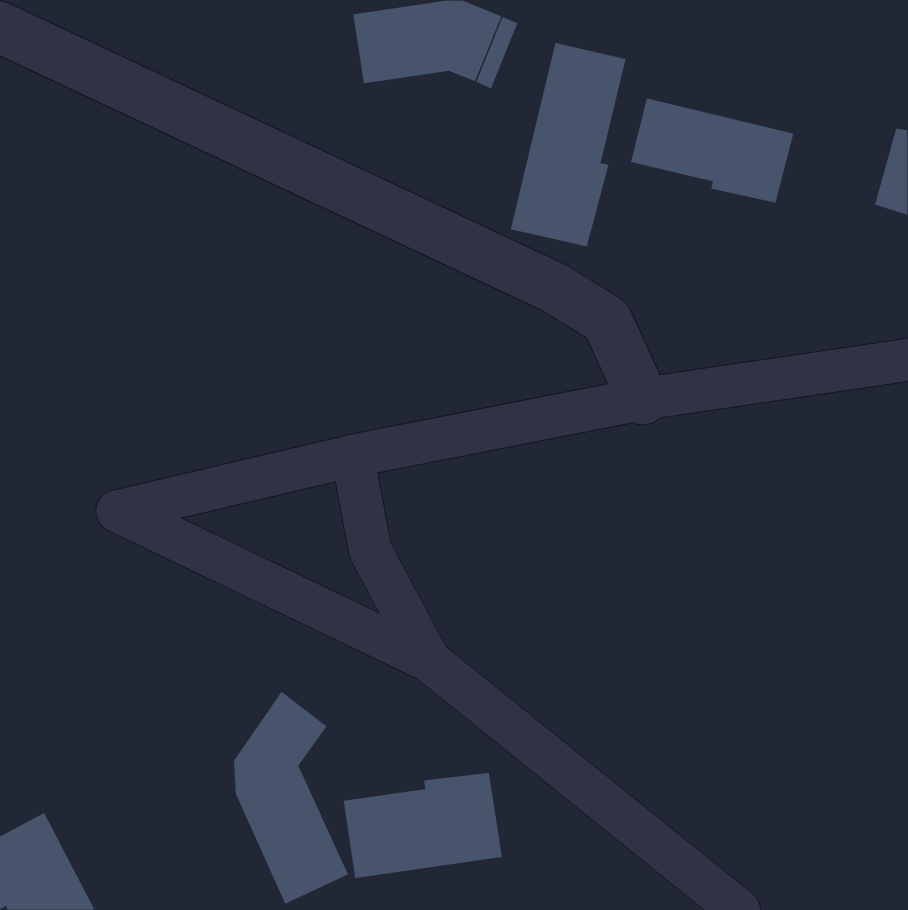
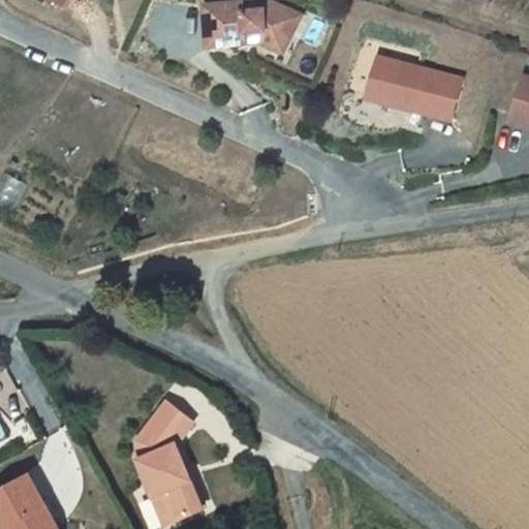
building: [510,42,626,247] -> none
building: [343,772,503,879] -> none

